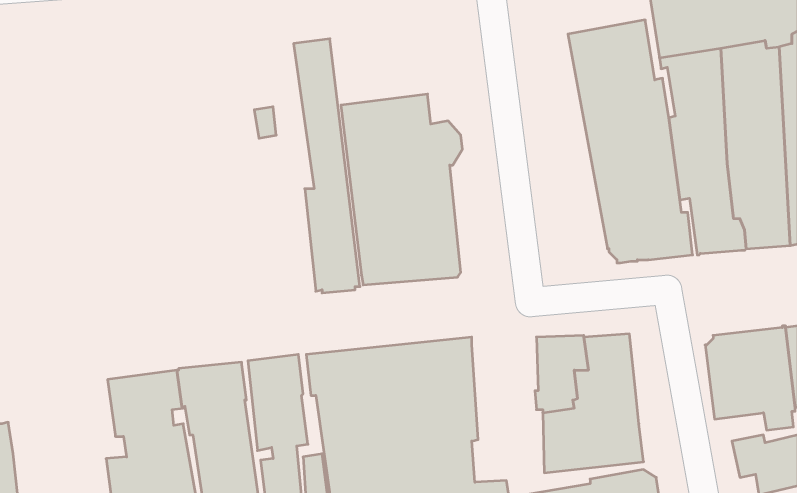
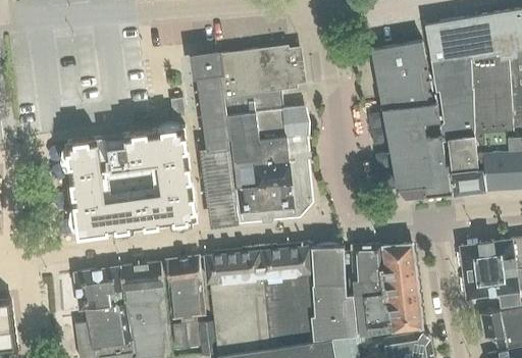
building: none -> [220,48,304,97]
building: none -> [67,129,198,237]
building: none -> [312,248,357,339]

